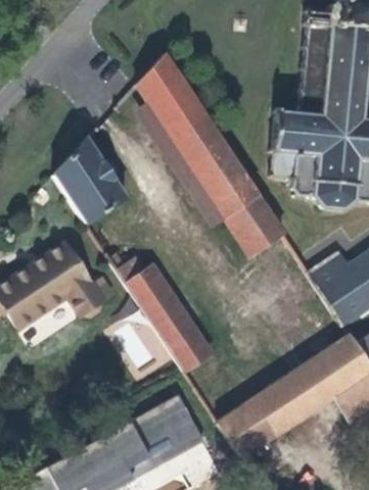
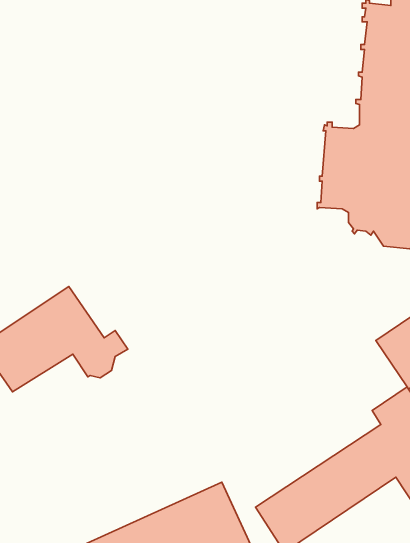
building: [137,53,282,254] -> none
building: [55,138,125,222] -> none
building: [111,253,212,370] -> none

